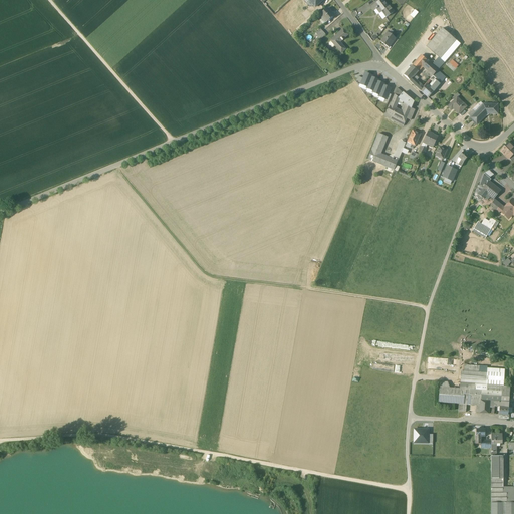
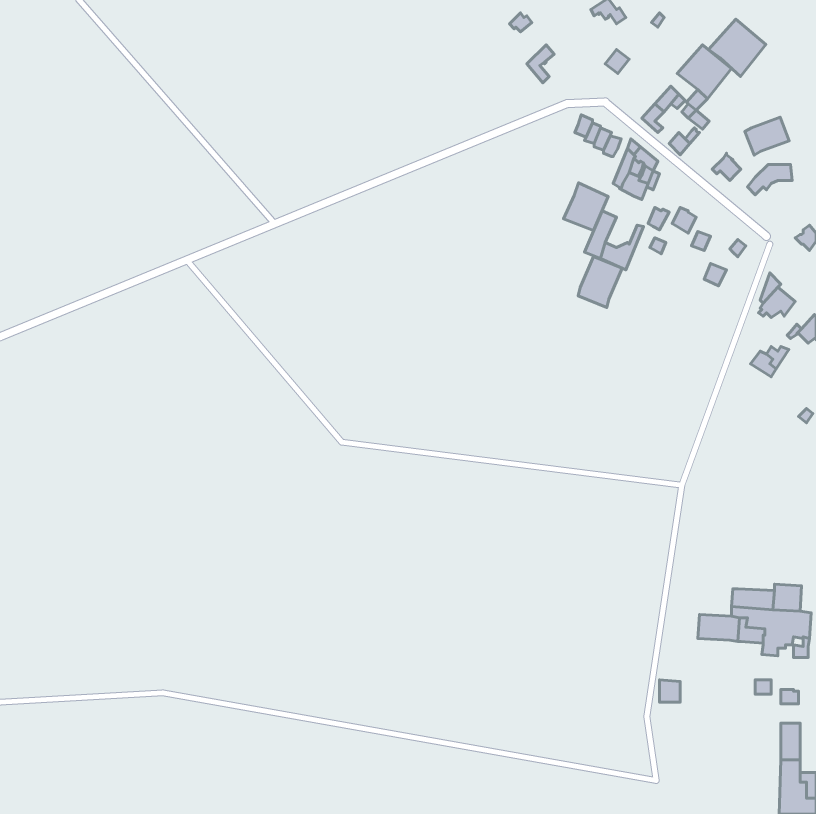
building: none -> [708,19,766,76]
building: none -> [745,117,789,155]
building: none -> [563,183,608,230]
building: none -> [578,256,622,308]

